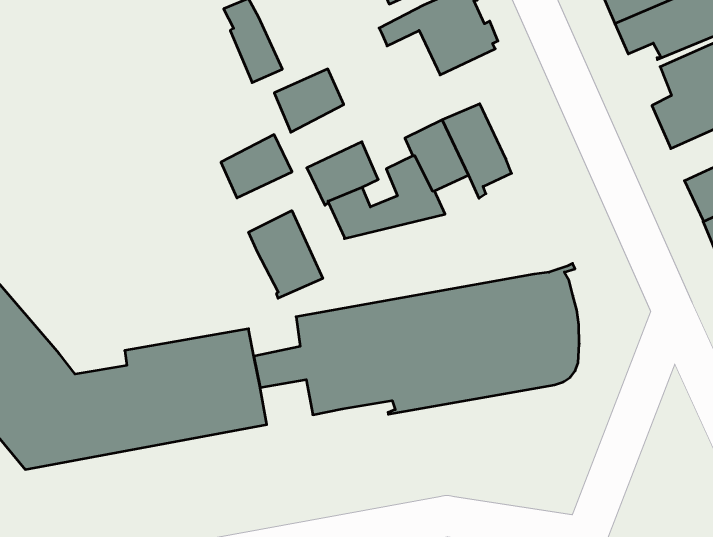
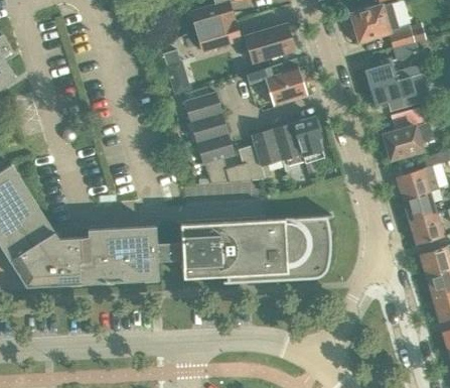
building: none -> [293,116,325,163]
building: [221,135,292,198] -> [190,113,228,144]
building: [249,211,323,298] -> none

